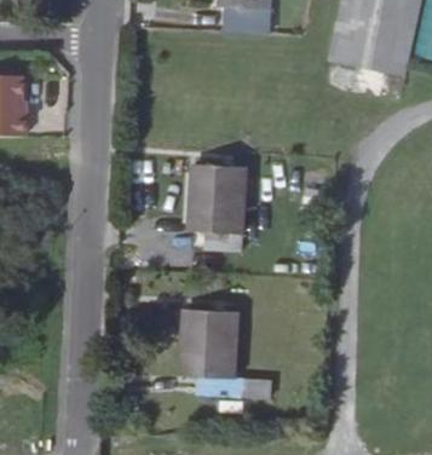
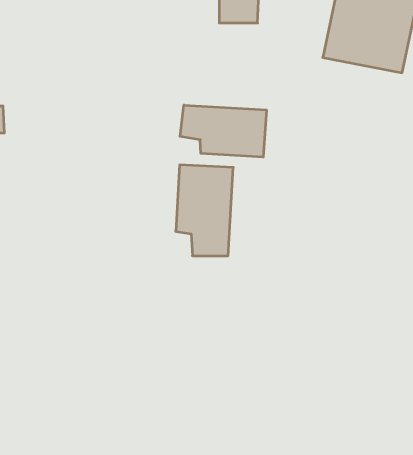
building: none -> [180,105,266,157]
building: [184,309,255,394] -> none

